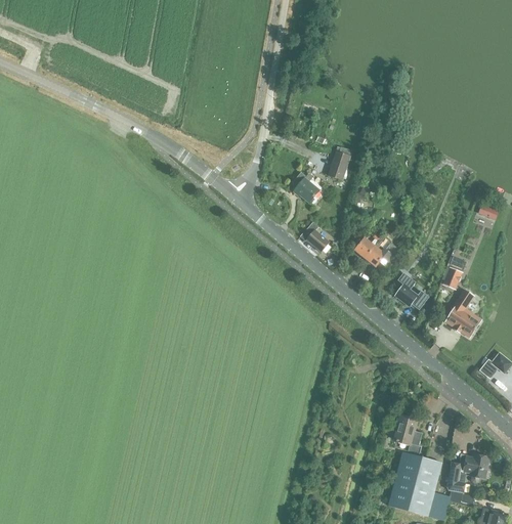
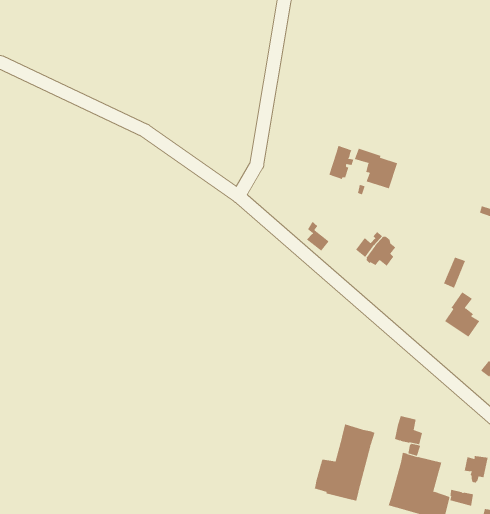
building: none -> [354,148,398,189]
building: [293,172,321,203] -> none
building: [394,272,428,310] -> none
building: none -> [314,424,375,501]
building: [447,463,466,492] -> none

